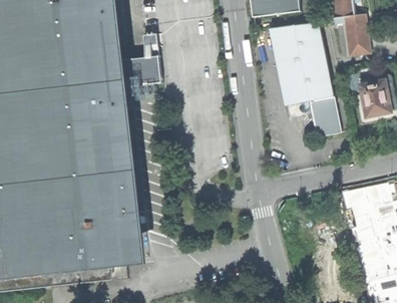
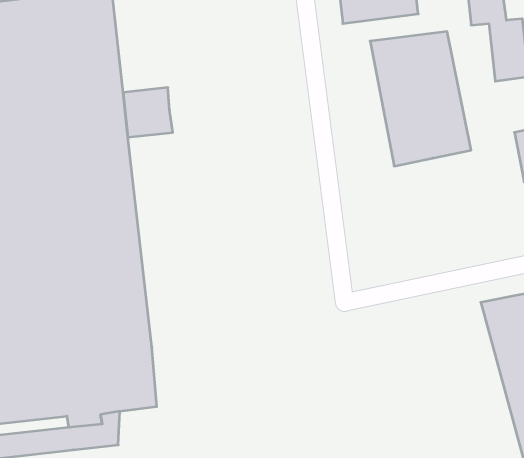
building: [310,96,341,137] -> none

